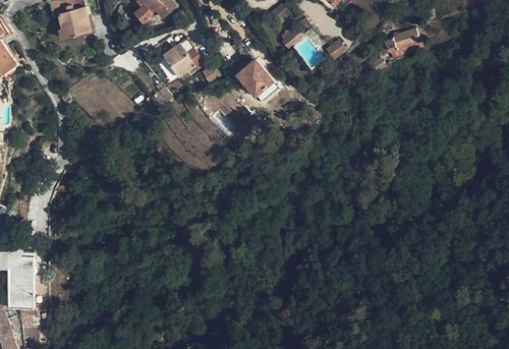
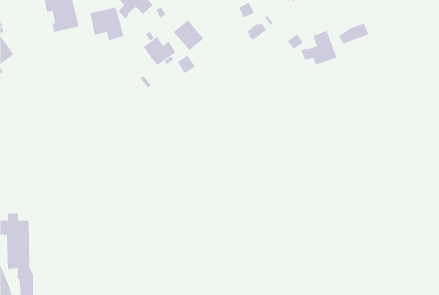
building: none -> [90,7,124,41]
building: none -> [301,30,337,65]
building: [237,60,273,96] -> [173,20,204,51]

